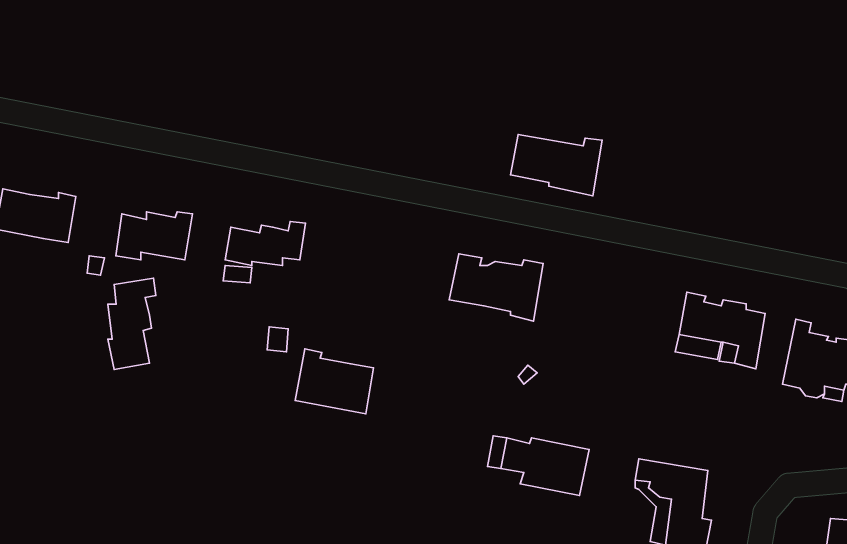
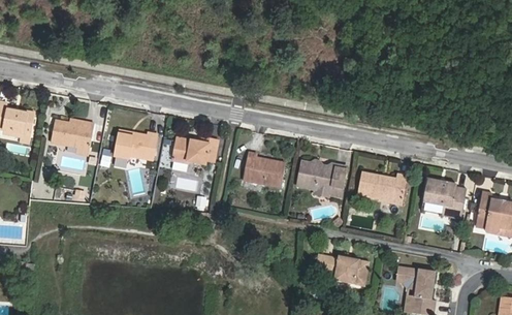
building: [510,134,602,196] -> [357,172,407,206]
building: [108,278,156,370] -> none
building: [295,349,374,414] -> [238,153,281,188]

